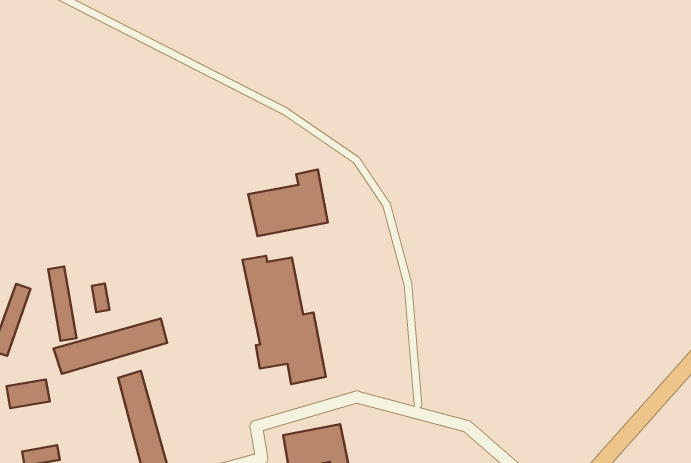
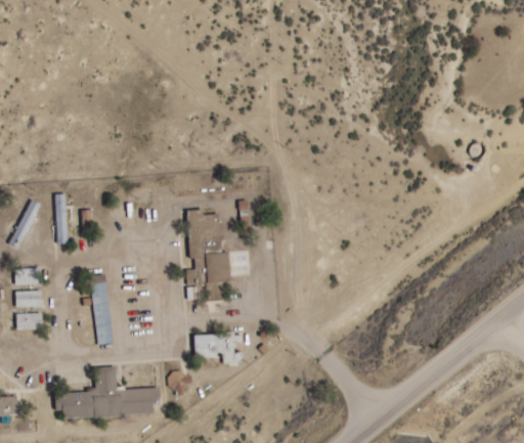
building: [248,170,328,236] -> none
building: [54,318,167,374] -> none
building: none -> [14,291,41,306]

